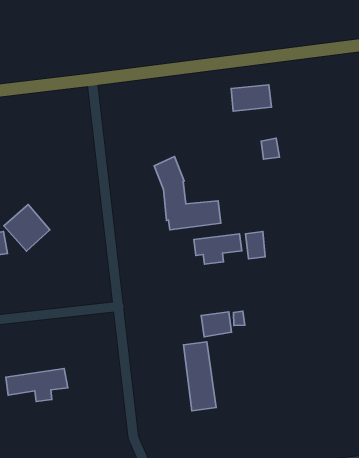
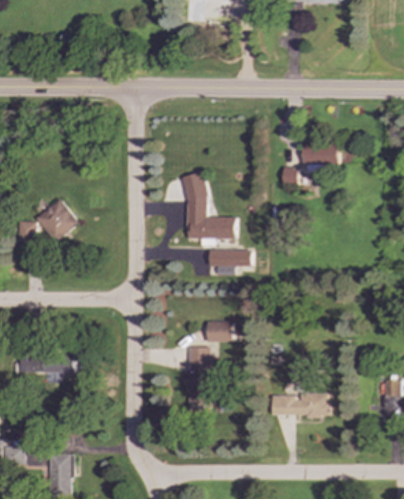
building: [231,85,272,111] -> [302,142,338,164]
building: [245,232,265,259] -> none
building: none -> [271,392,329,416]

